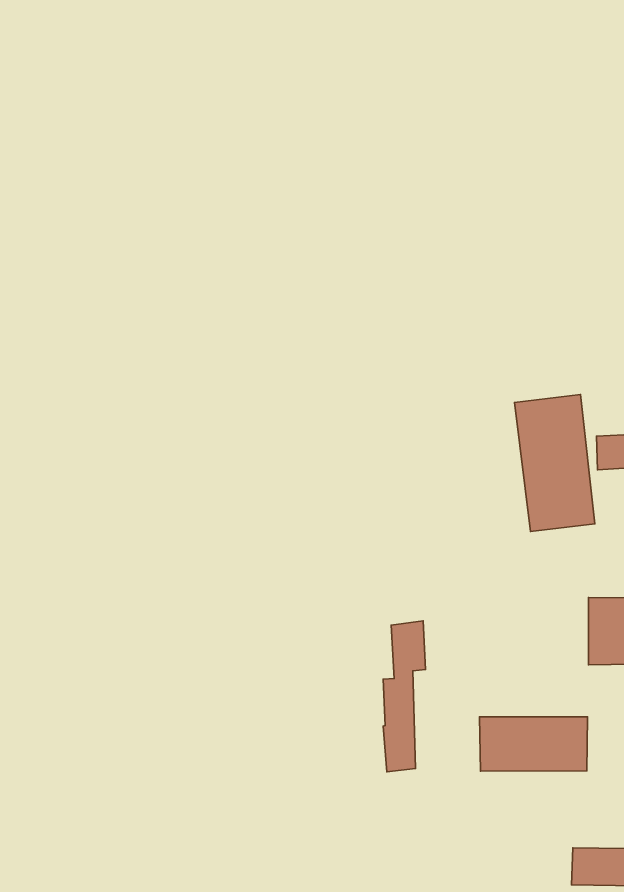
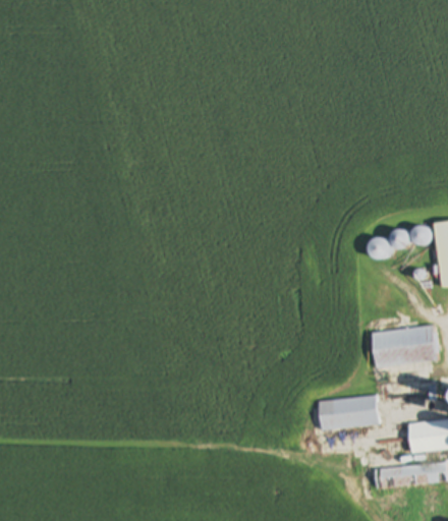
building: [514,394,595,532] -> none
building: [383,621,426,772] -> none

